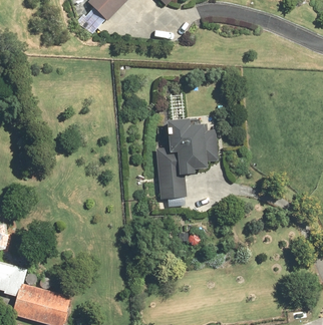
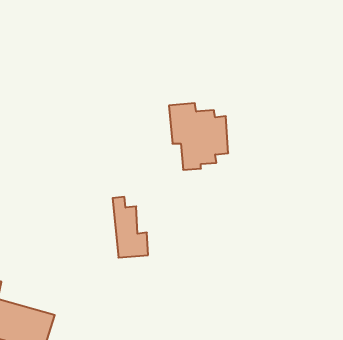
building: [155,147,186,199] -> [113,197,148,258]

